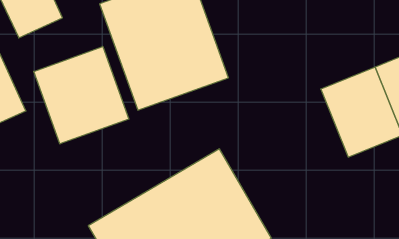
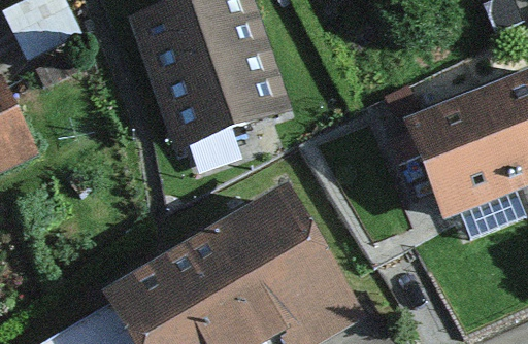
building: [34,46,129,144] -> none

